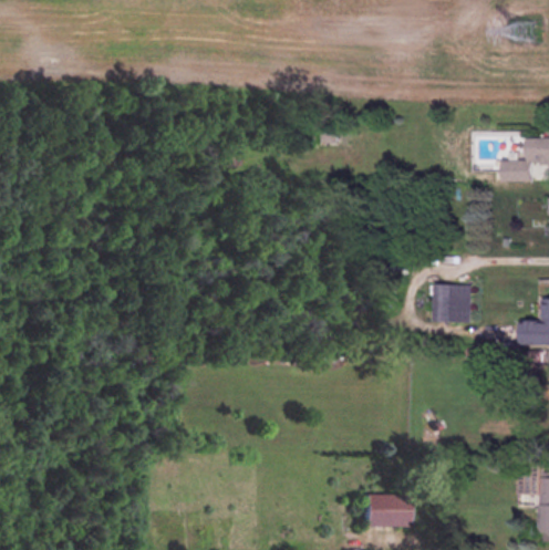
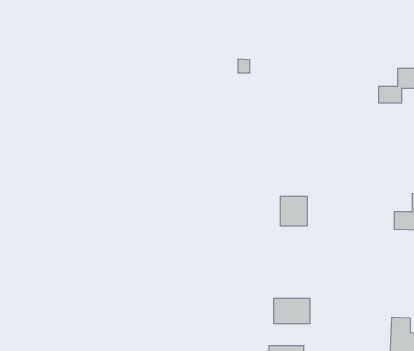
building: [435,284,470,322] -> [280,197,308,226]
building: none -> [274,298,310,324]

